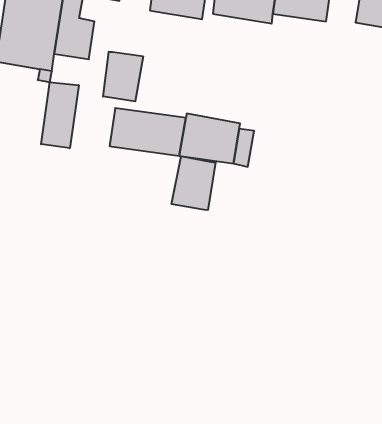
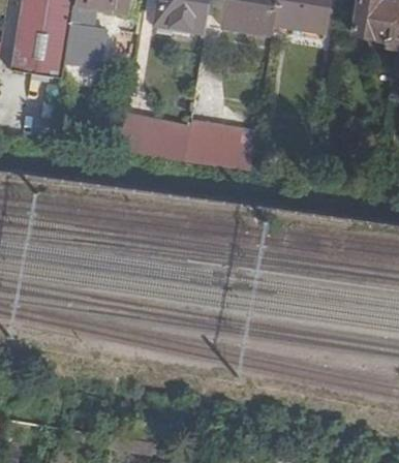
building: [103,52,143,101] -> none
building: [41,82,79,148] -> none
building: [172,156,216,210] -> none

